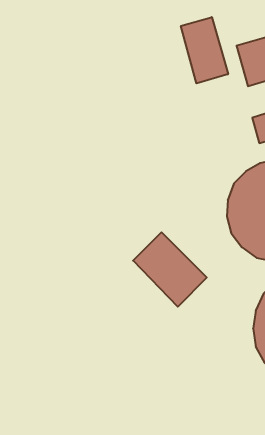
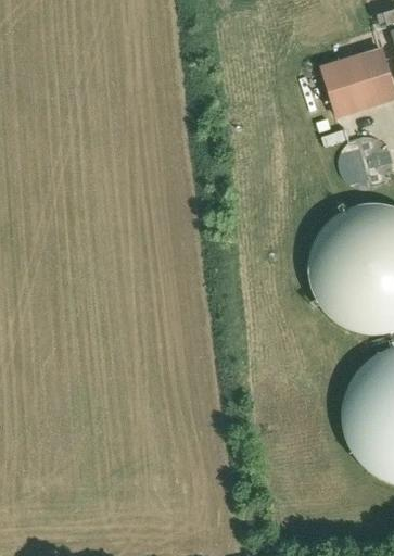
building: [181,17,228,83] -> none
building: [133,232,207,307] -> none

